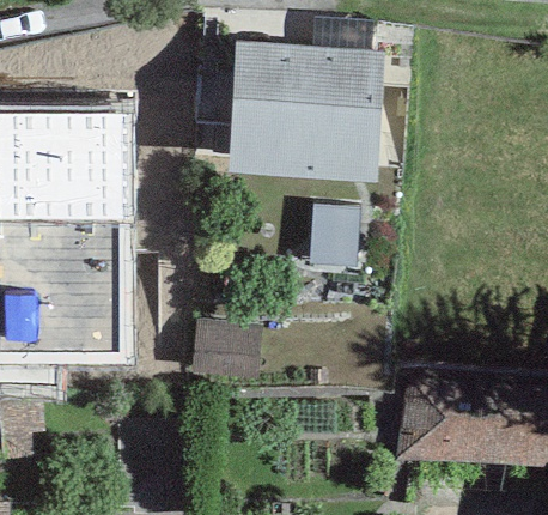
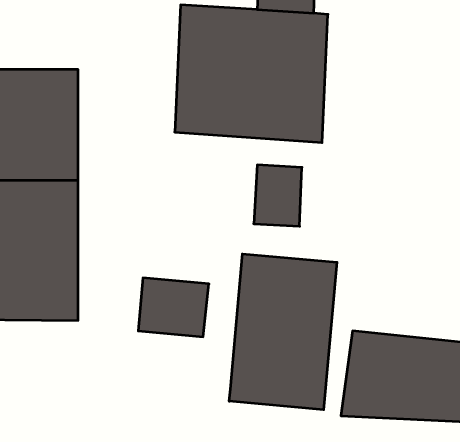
building: none -> [229,254,337,410]

